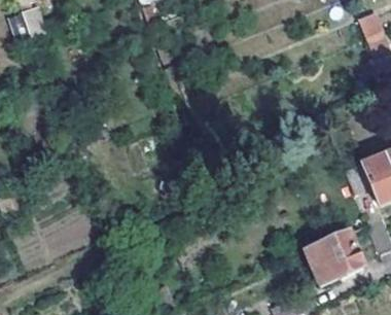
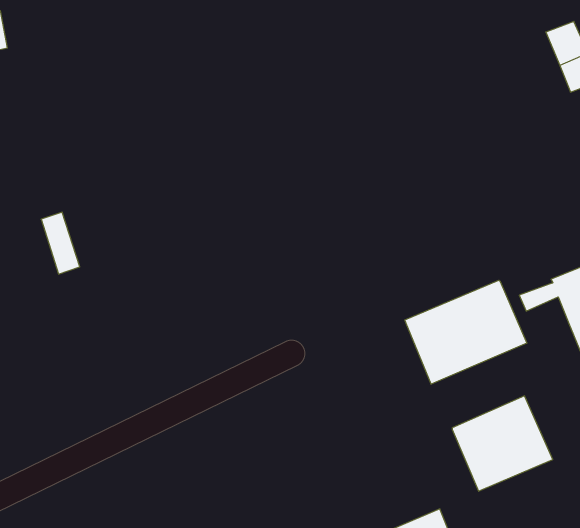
building: none -> [405,280,527,384]

